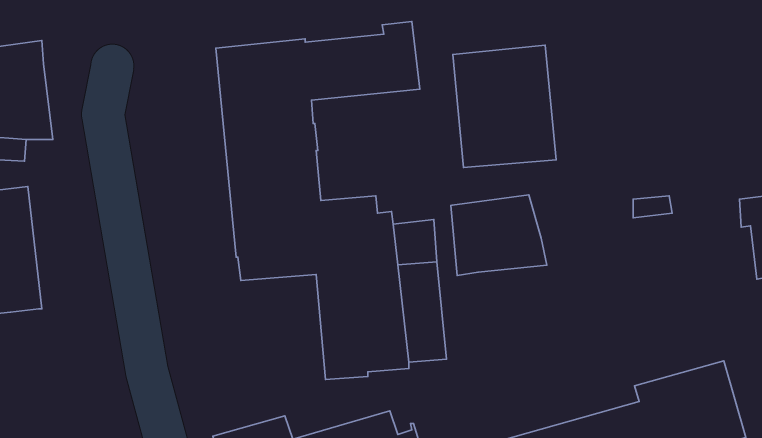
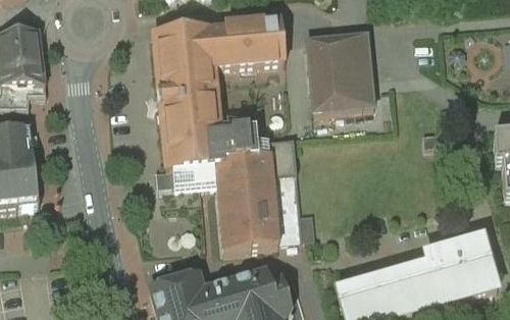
building: [451,195,547,276] -> none

